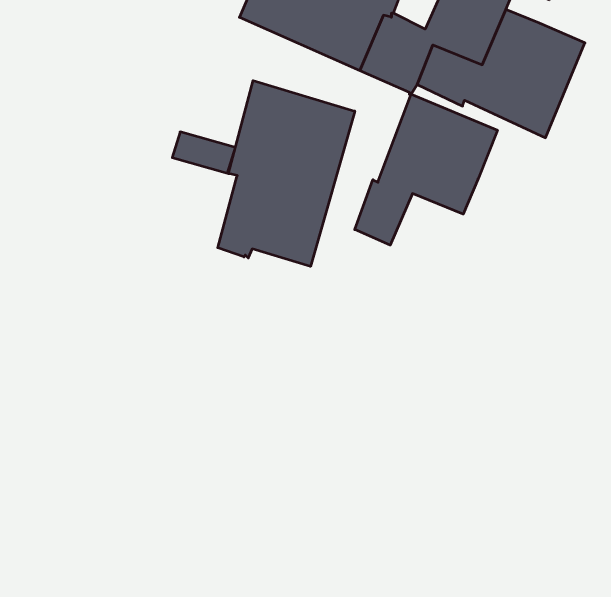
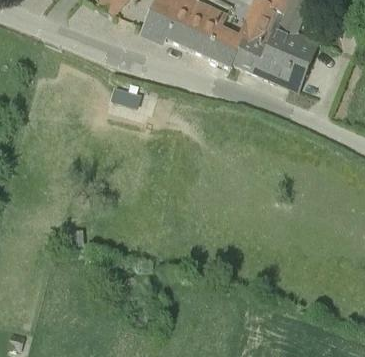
building: [218,81,355,266] -> none
building: [355,94,497,245] -> none

